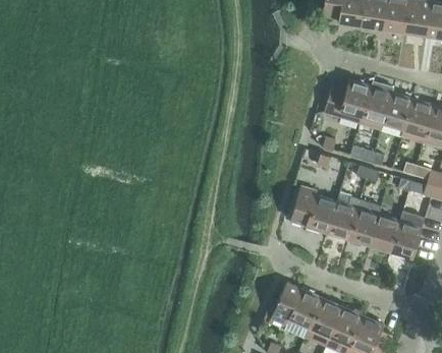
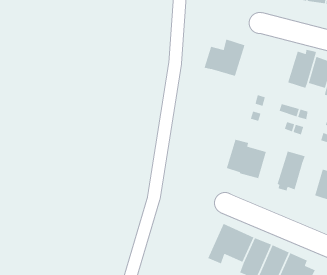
building: [323,78,371,122] -> [204,39,245,77]
building: [327,191,360,238] -> none
building: [369,214,399,251] -> none

